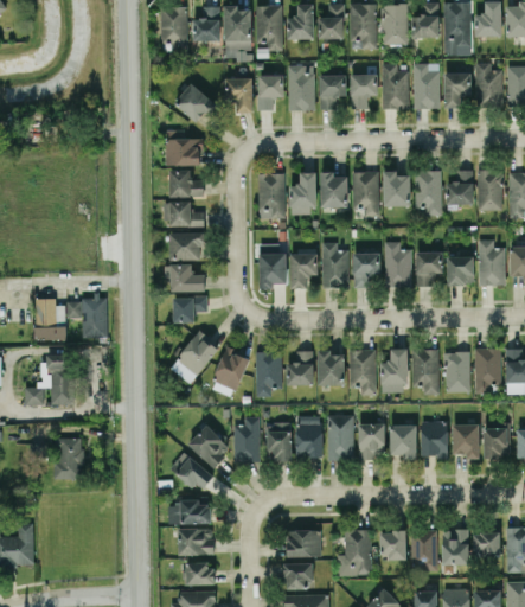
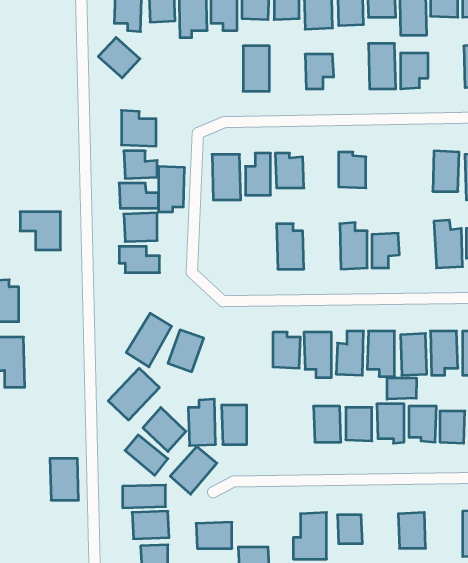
building: [382,63,409,108] -> none
building: [474,63,502,107] -> none
building: [319,74,346,109] -> none
building: [258,75,283,110] -> none
building: [224,77,252,113] -> none
building: [174,83,216,123] -> [98,37,140,78]
building: [418,170,442,215] -> none
building: [352,171,379,216] -> none
building: [447,171,473,210] -> none
building: [260,243,286,288] -> [158,166,185,212]
building: [353,251,380,287] -> none
building: [290,253,318,287] -> none
building: [447,256,474,286] -> none
building: [173,296,207,322] -> none
building: [66,299,107,337] -> [20,212,61,250]
building: [287,350,314,385] -> none
building: [255,351,282,396] -> none
building: none -> [108,368,159,420]
building: none -> [387,378,416,399]
building: [295,415,322,458] -> none
building: [327,415,354,460] -> none
building: [55,437,83,479] -> [50,458,79,500]
building: none -> [170,446,217,494]
building: [411,529,437,570] -> none
building: [286,530,321,556] -> [196,522,232,548]
building: [473,531,500,557] -> none

